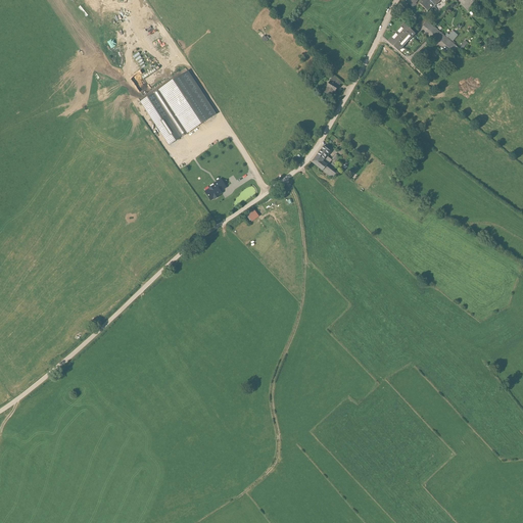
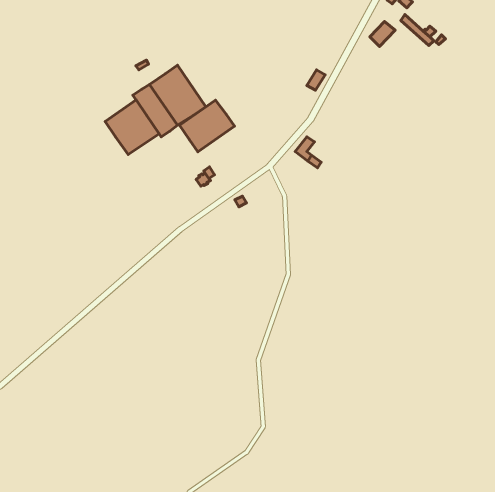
building: none -> [105,100,159,155]
building: none -> [179,100,234,152]

